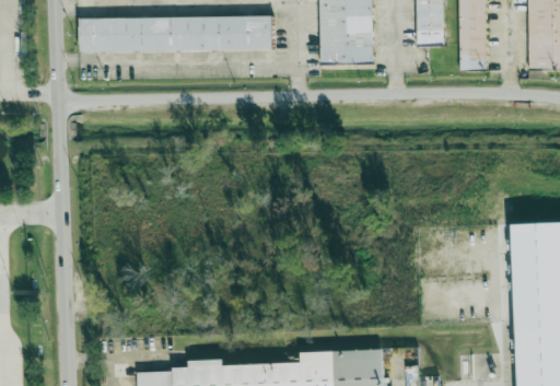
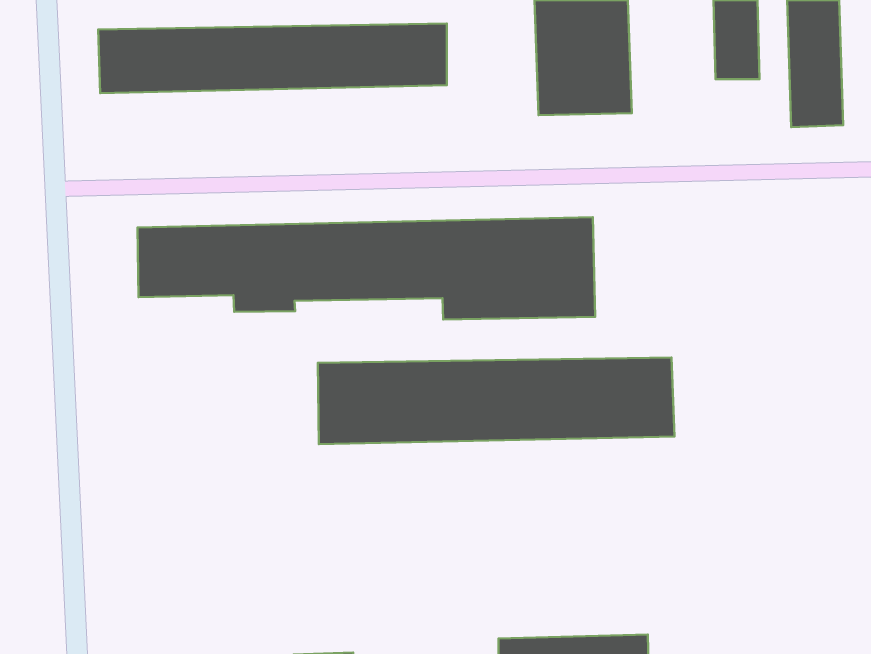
building: none -> [137,217,595,319]
building: none -> [318,358,674,444]

